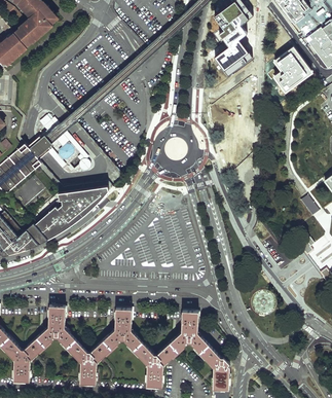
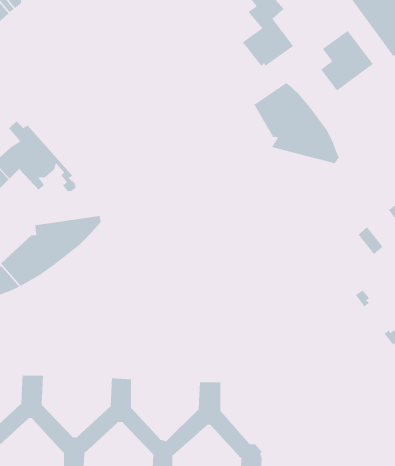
building: none -> [253,82,340,164]

